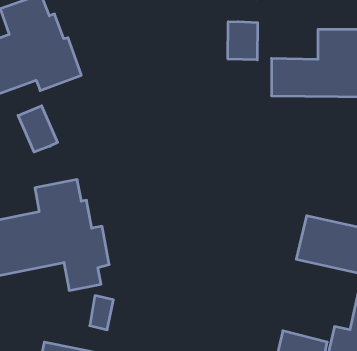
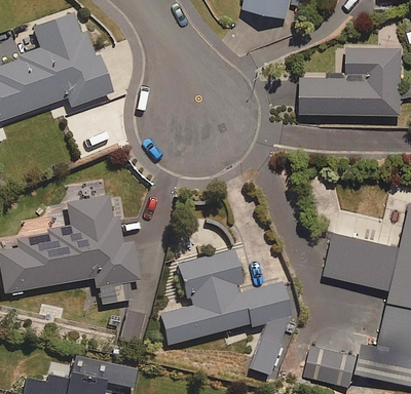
building: [228,22,258,60] -> none
building: [18,106,58,152] -> none
building: none -> [157,249,289,352]

